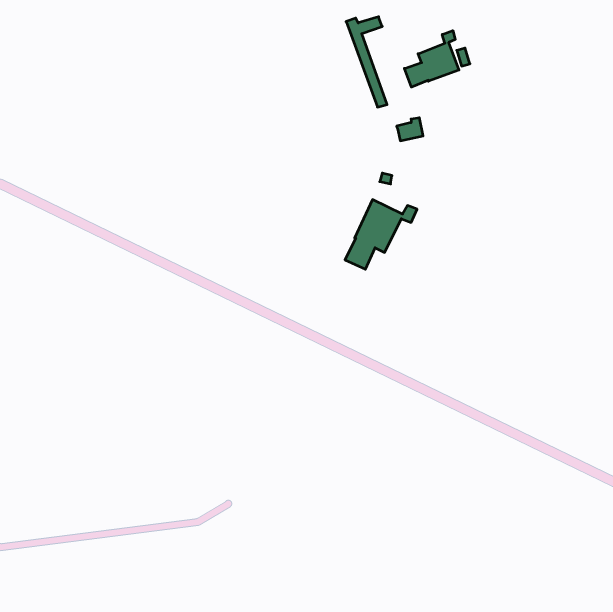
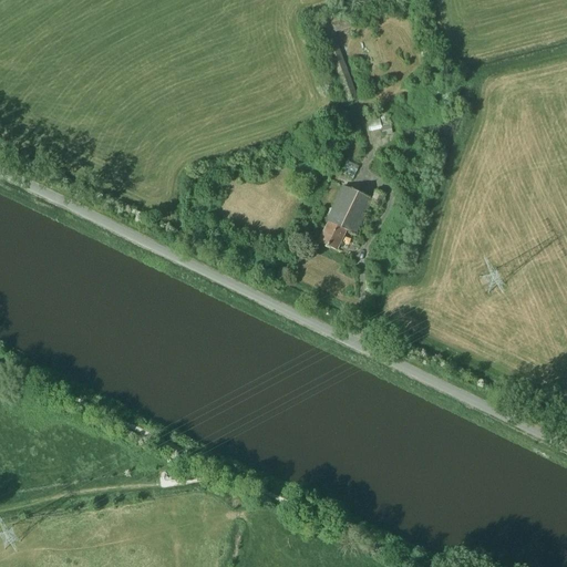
building: [404,31,459,87] -> none

